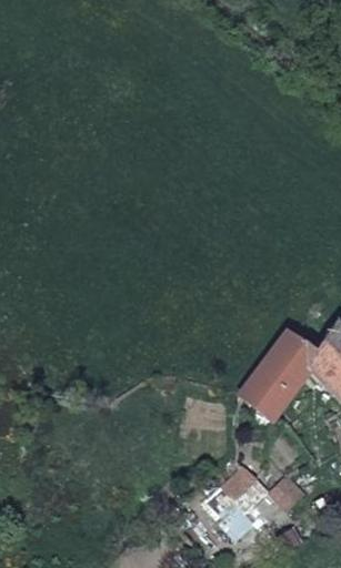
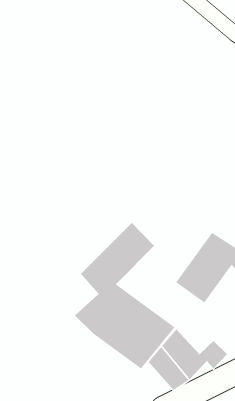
building: none -> [74,222,176,370]

